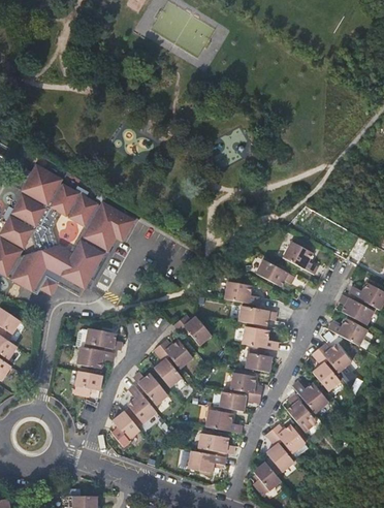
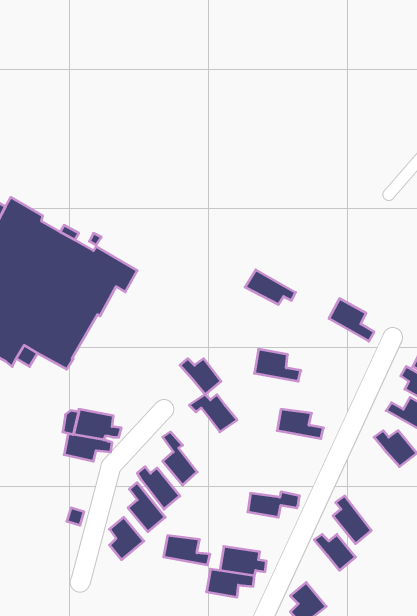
building: [254,260,293,287] -> [245,270,296,304]
building: [239,306,276,326] -> none
building: [160,340,192,368] -> [180,359,221,395]
building: [246,345,273,373] -> none
building: [312,349,340,390] -> none
building: [74,370,102,395] -> none
building: [231,373,262,394] -> none
building: [292,381,328,413] -> none
building: [205,410,242,433] -> [164,536,210,565]
building: [265,428,293,471] -> none

